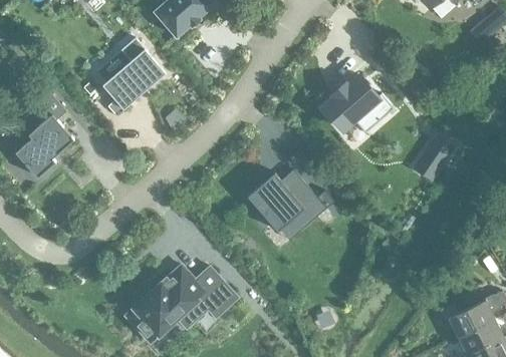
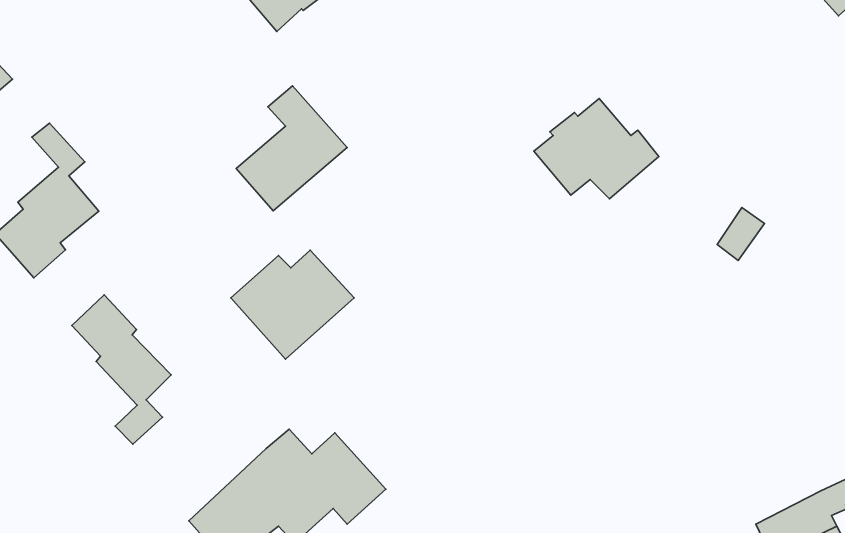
building: [102,39,166,110] -> [236,86,347,211]
building: [247,170,317,233] -> [231,250,354,359]
building: none -> [72,295,171,444]

